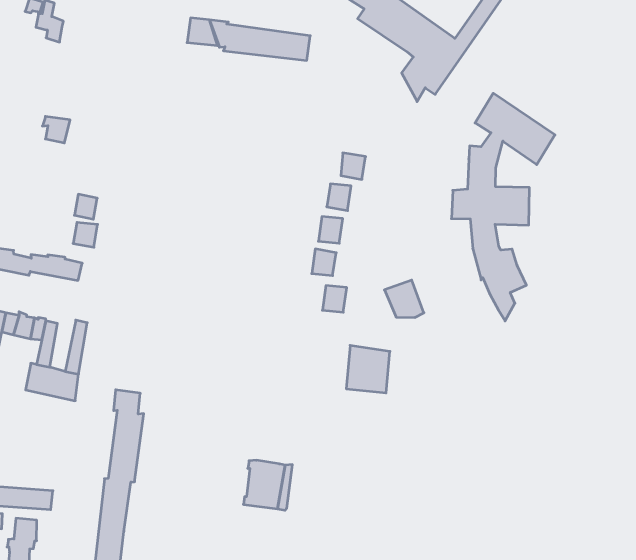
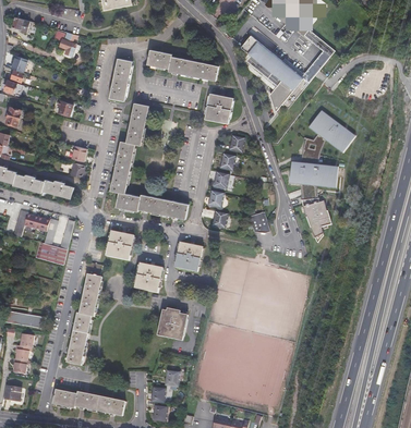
building: none -> [109,57,132,99]
building: none -> [204,93,232,123]
building: none -> [109,102,189,218]
building: none -> [106,230,134,260]
building: [346,345,390,393] -> [174,241,202,270]
building: none -> [134,261,162,292]

